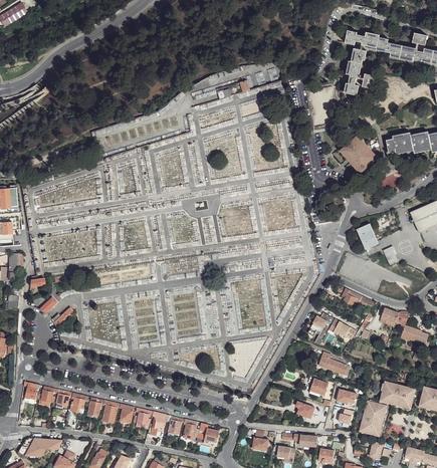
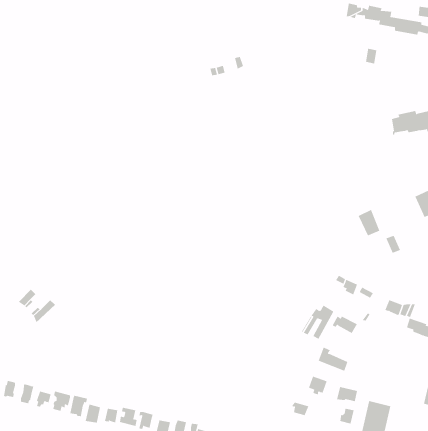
building: [344,48,366,94] -> none
building: [340,133,380,175] -> none
building: [379,381,414,408] -> none

